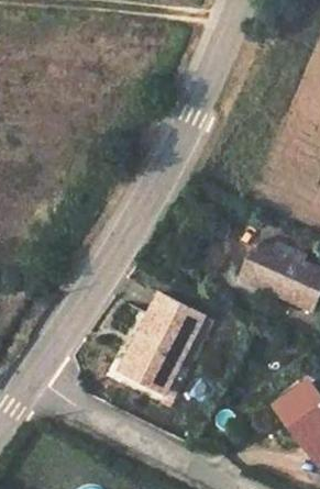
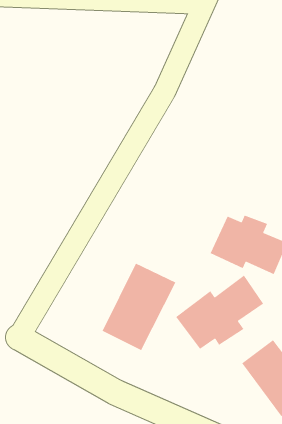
building: none -> [175,275,264,350]

